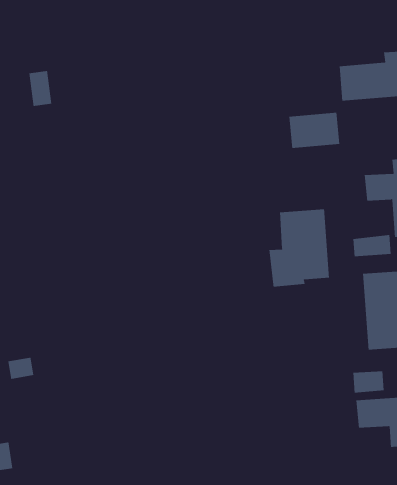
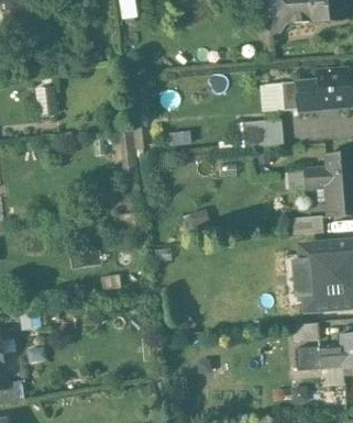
building: [269,209,330,287] -> none

